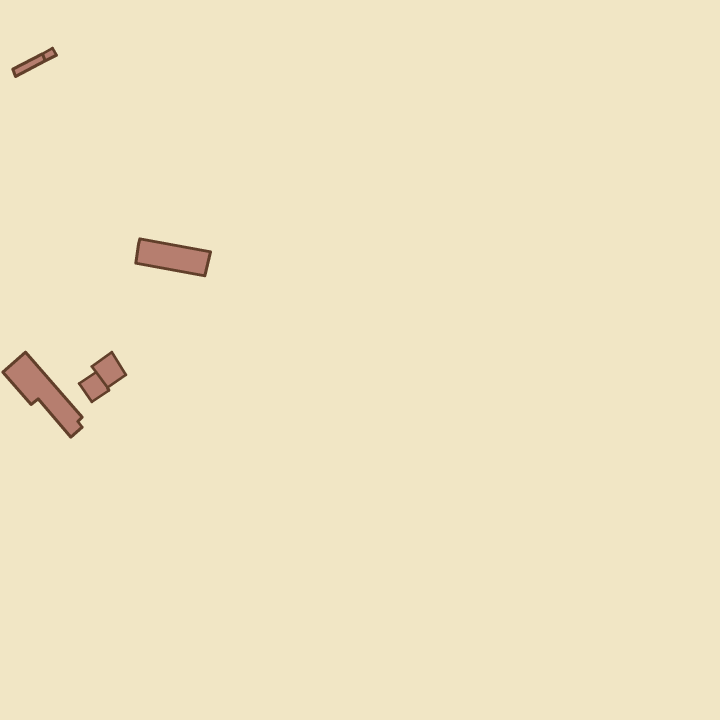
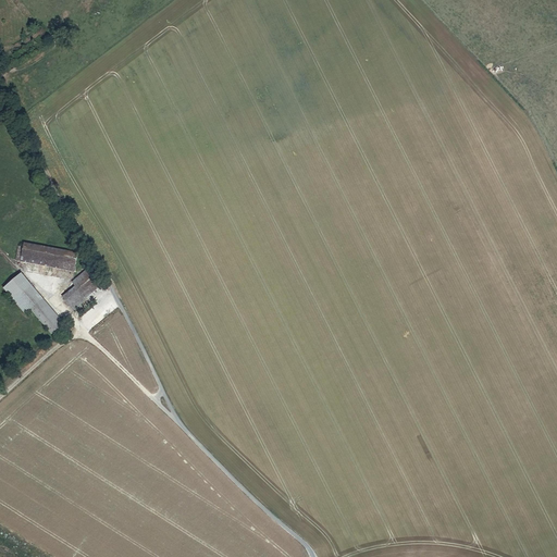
building: [136,239,211,276] -> [18,243,76,271]

